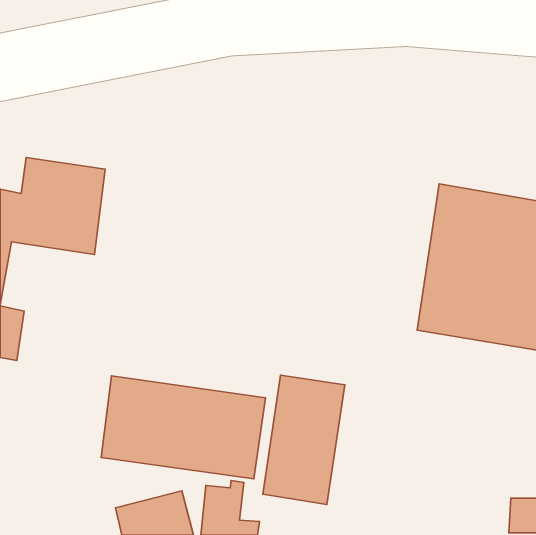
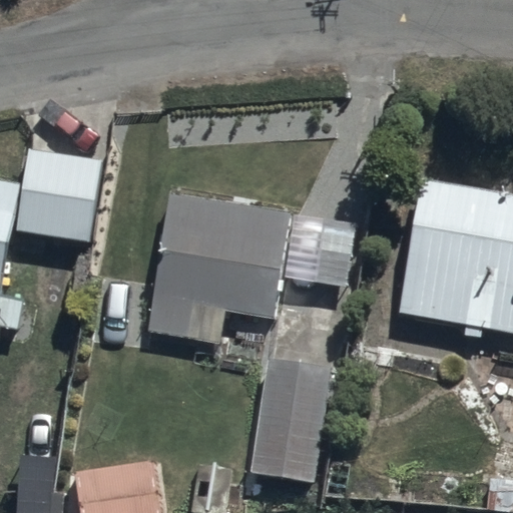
building: none -> [148,192,291,344]
building: [101,376,265,479] -> none

